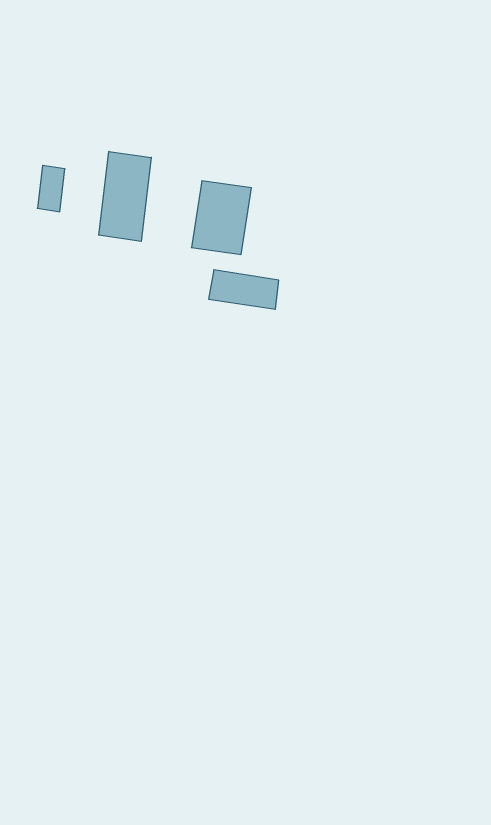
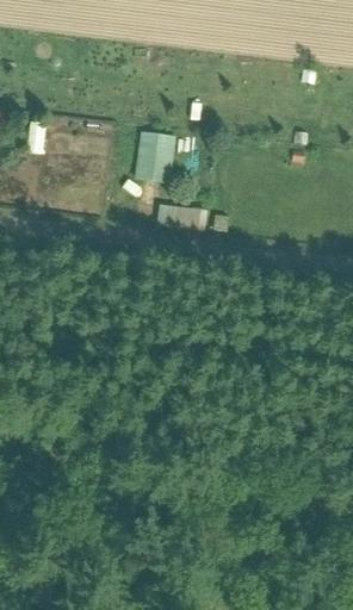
building: [99,151,151,241] -> none

